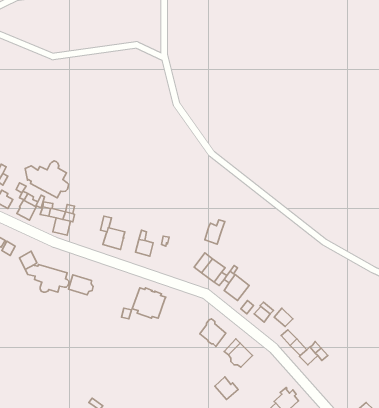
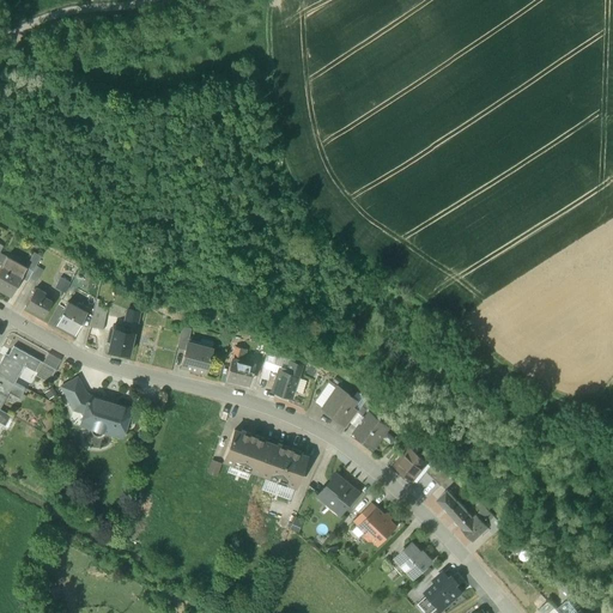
building: [25,161,68,198] -> none
building: [205,220,225,244] -> [273,363,302,397]
building: [69,275,93,295] -> none
building: none -> [260,443,306,486]
building: [215,377,238,400] -> [397,544,431,576]

